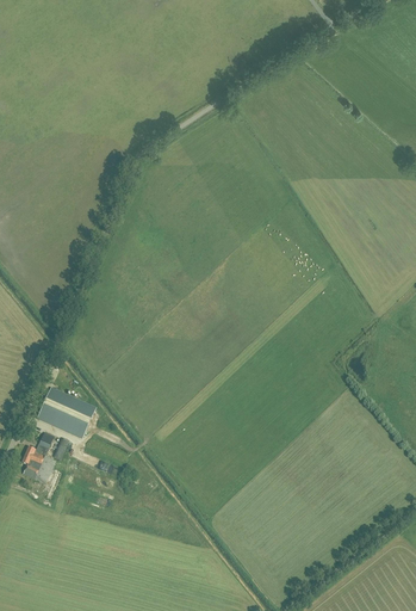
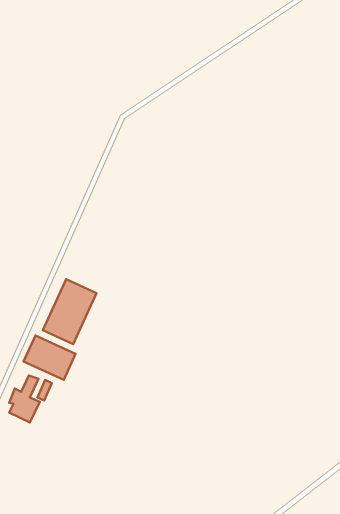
building: none -> [43,279,97,344]

